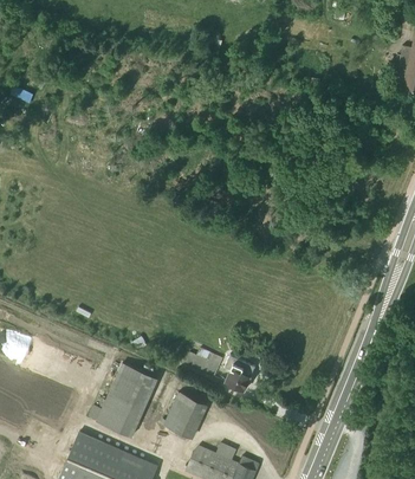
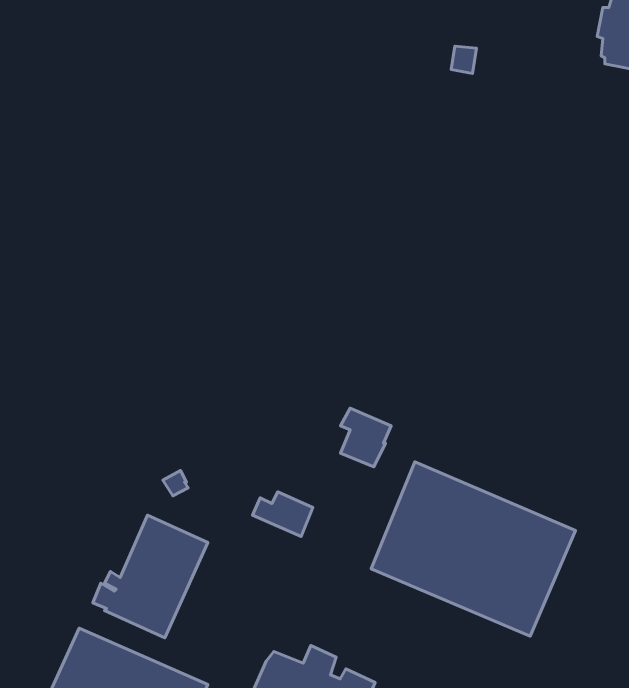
building: none -> [371,462,576,636]
building: [225,356,255,391] -> [341,408,391,467]
building: [160,393,208,441] -> none

